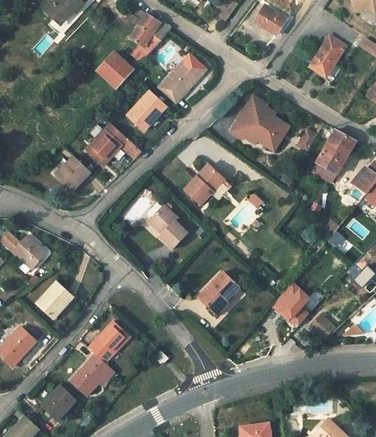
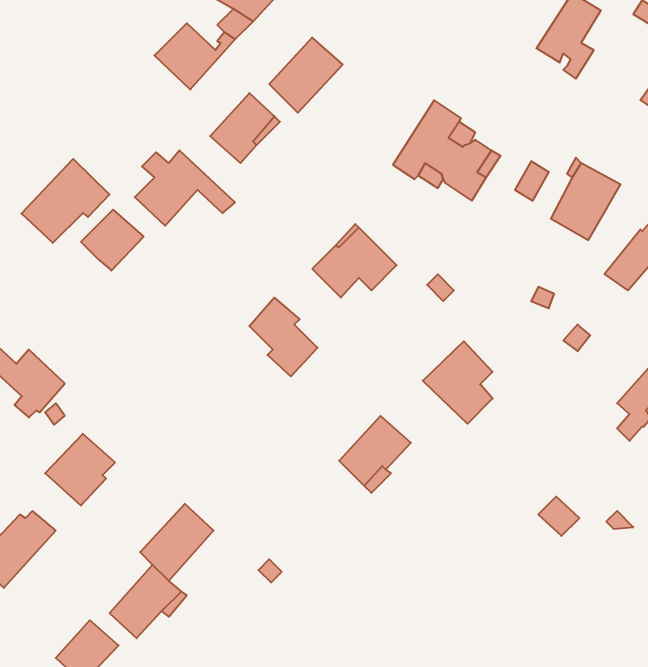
building: none -> [21,159,110,243]
building: [268,280,307,326] -> [423,341,493,424]

